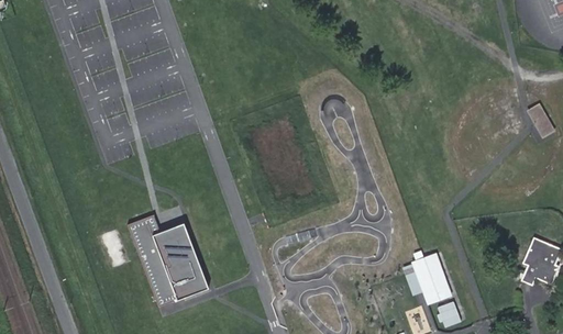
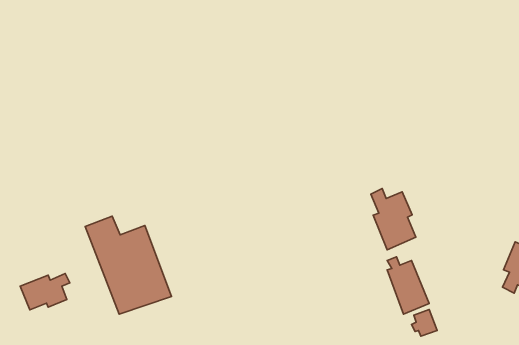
building: none -> [371,188,416,250]
building: none -> [20,274,70,310]

